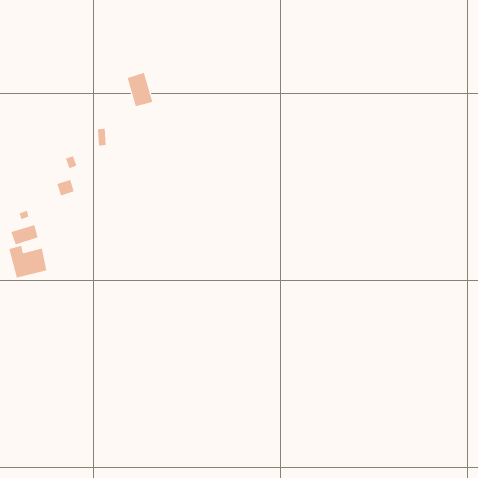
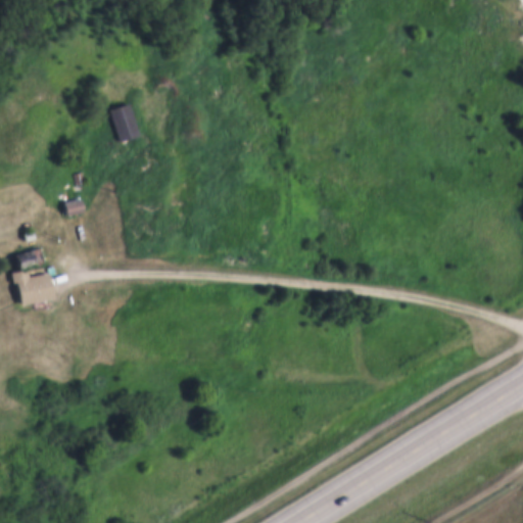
building: [127,72,153,107] -> [111,103,140,141]

